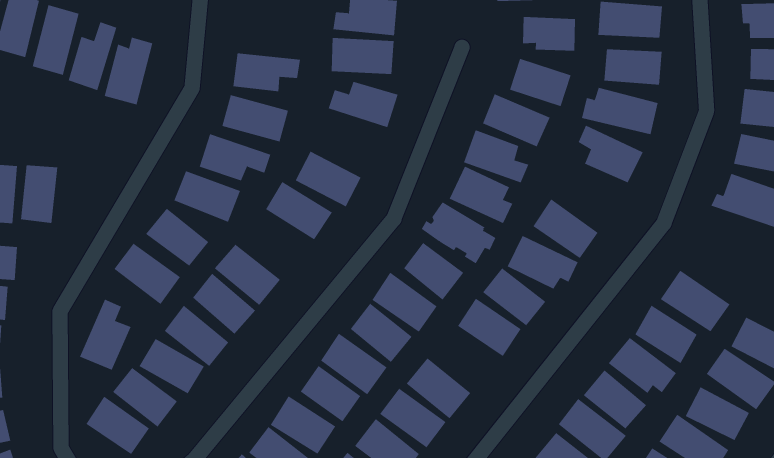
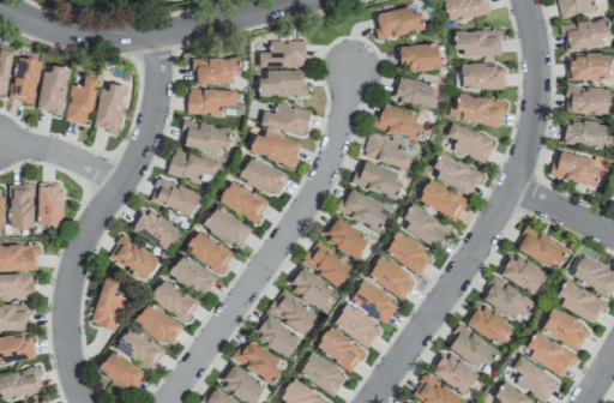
building: none -> [195,58,241,84]
building: none -> [252,128,303,168]
building: none -> [431,151,483,196]
building: none -> [203,205,252,247]
building: none -> [350,279,399,324]

